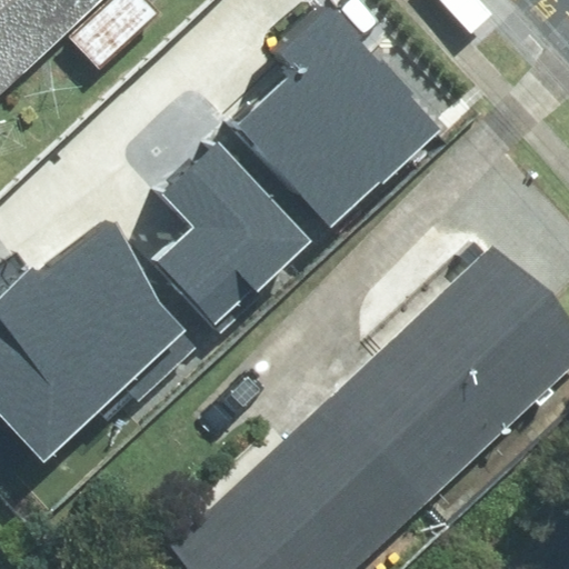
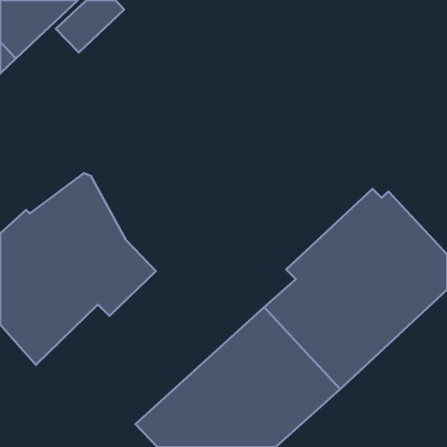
building: [236,8,438,228] -> none
building: [156,142,311,331] -> none

